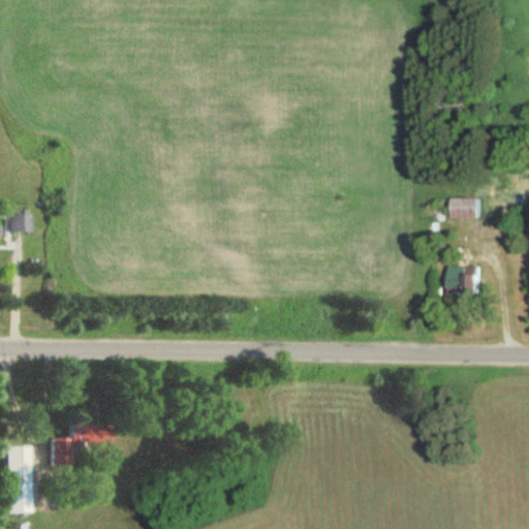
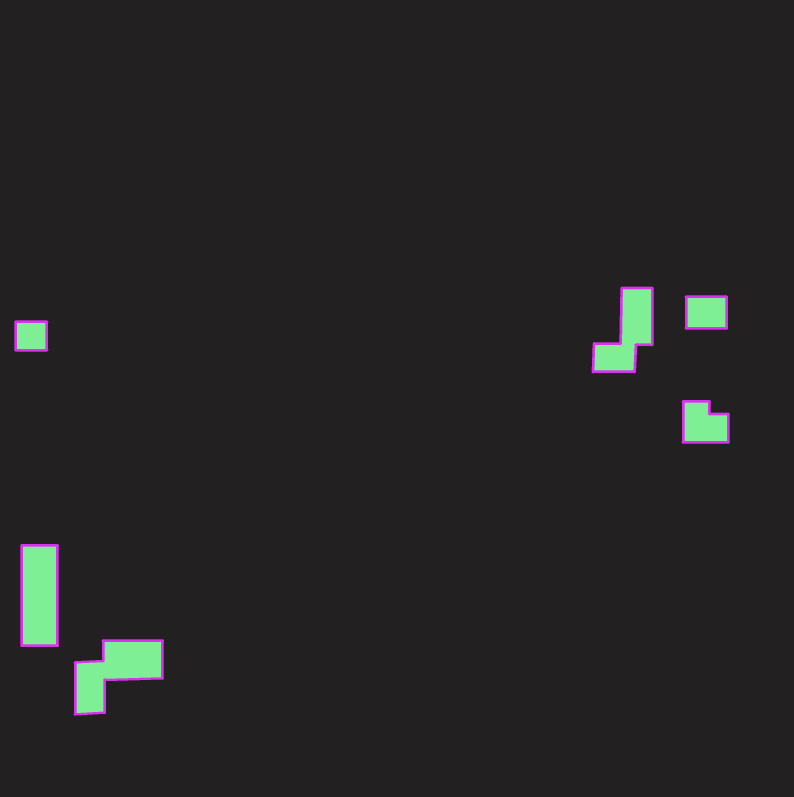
building: none -> [593,288,652,372]
building: [7,446,31,512] -> [22,546,58,646]

